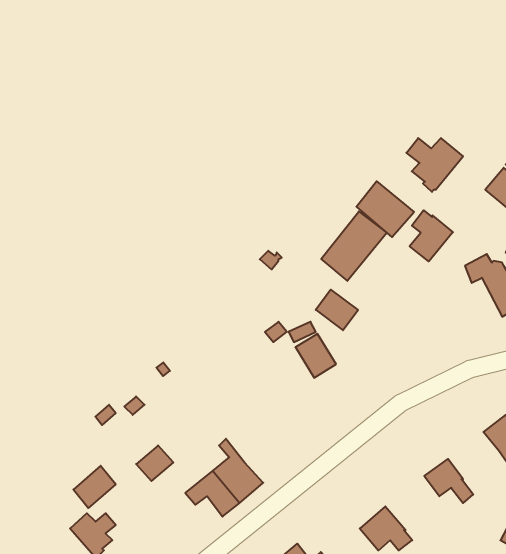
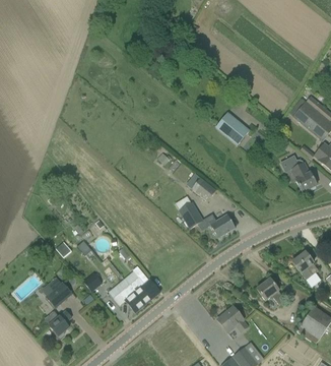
building: [406,138,463,192] -> none
building: [410,210,453,261] -> none
building: [321,211,387,281] -> none
building: none -> [206,213,236,238]

